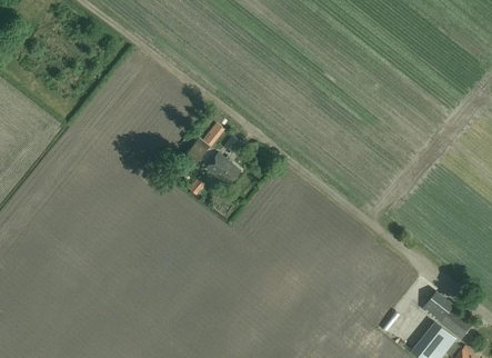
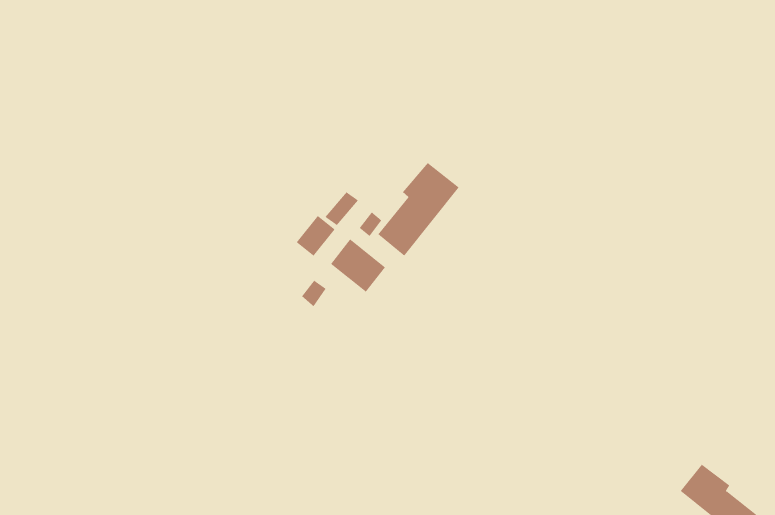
building: none -> [378,162,459,256]

